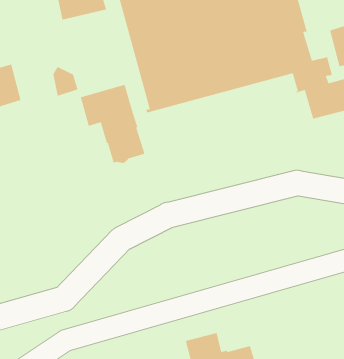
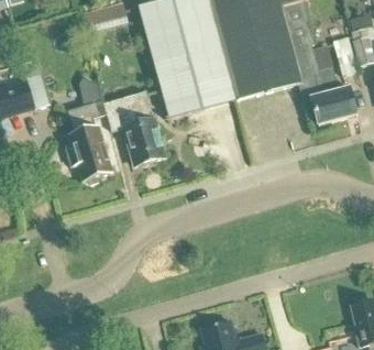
building: none -> [64,102,112,184]

